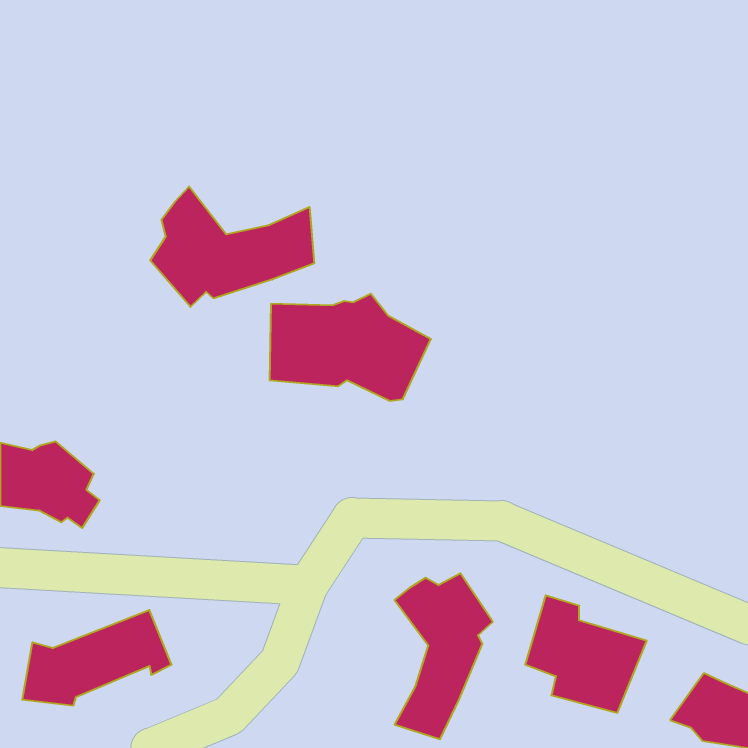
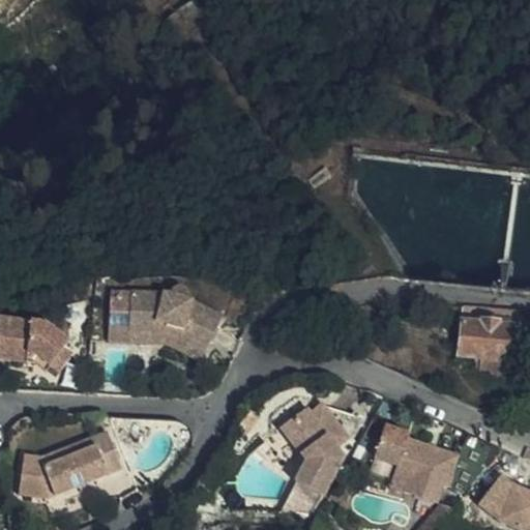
building: [150,186,314,307] -> none
building: [270,294,431,401] -> [108,279,222,355]
building: none -> [457,322,520,373]

